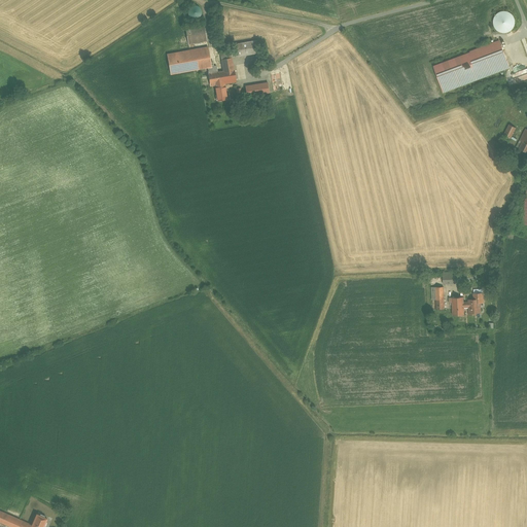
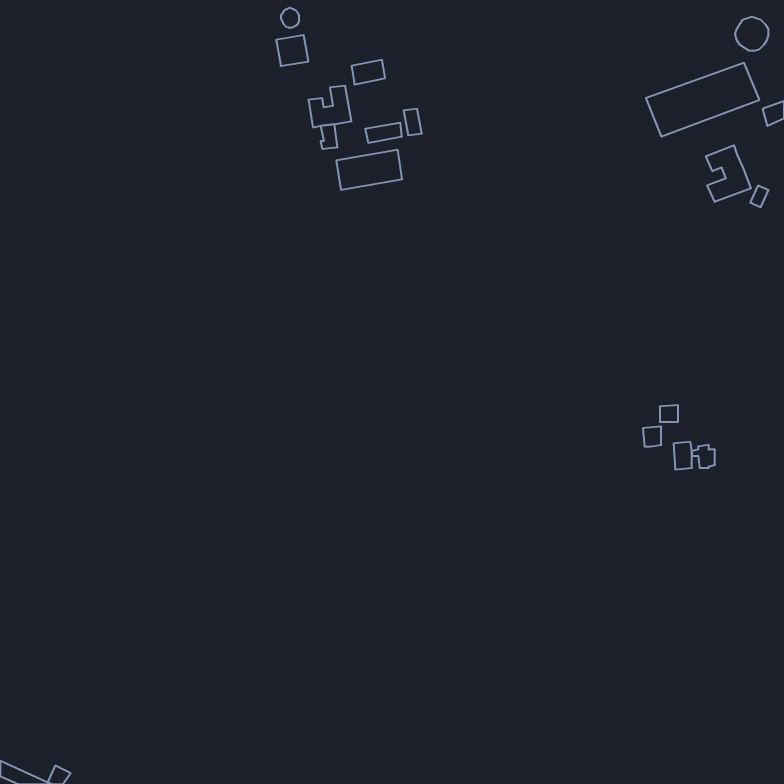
building: [167,46,211,73] -> [336,150,402,190]
building: none -> [706,145,751,202]

